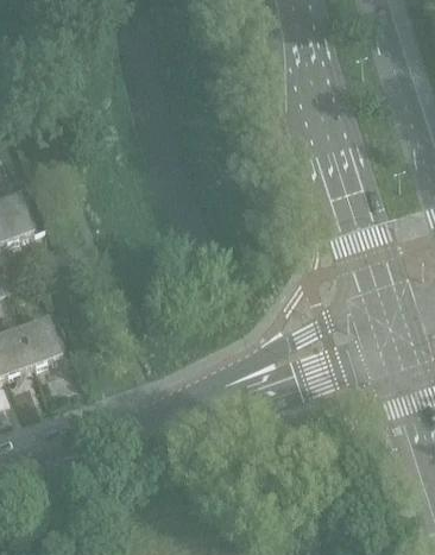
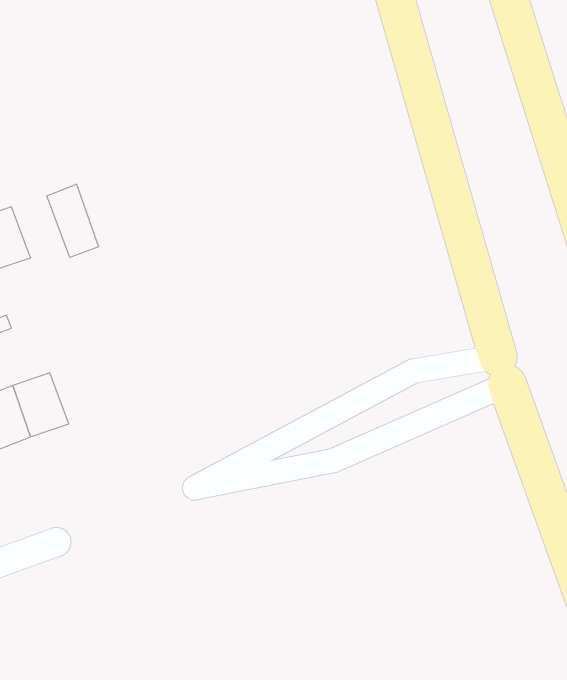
building: none -> [47,184,99,257]

